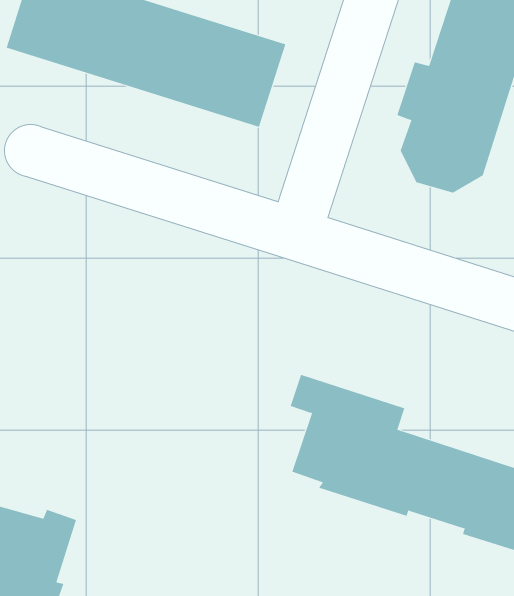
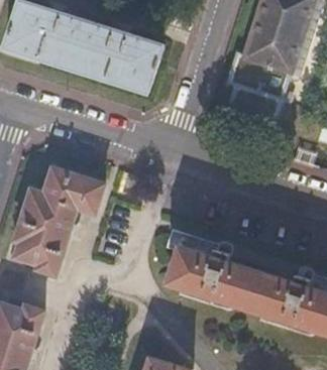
building: none -> [15,168,104,275]

